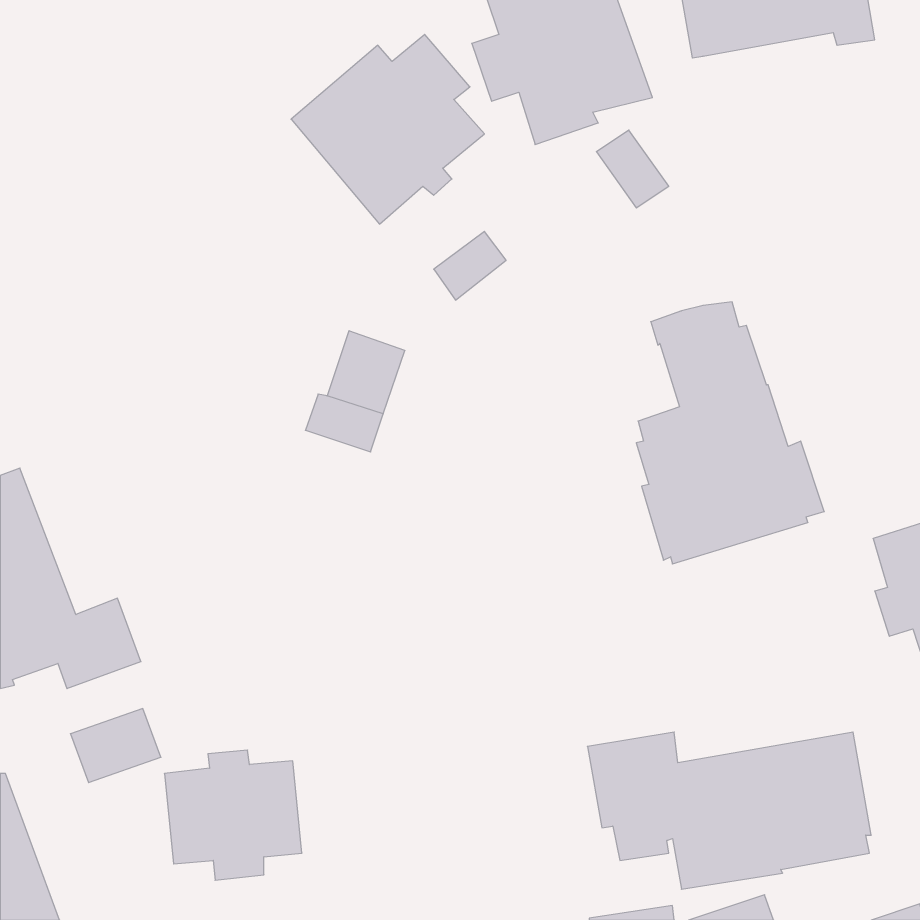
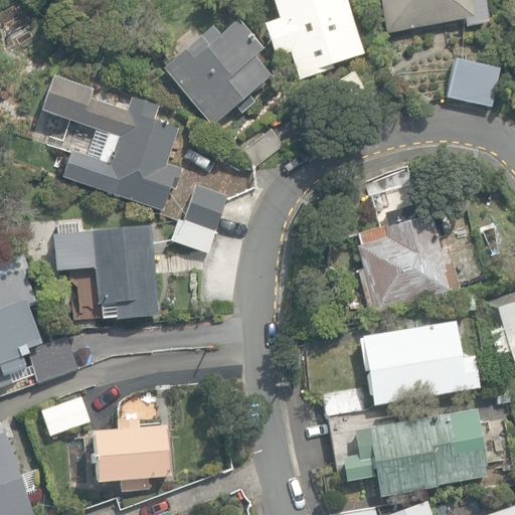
building: none -> [447,58,499,106]
building: none -> [42,75,183,209]
building: none -> [53,222,161,318]
building: none -> [324,320,479,414]

